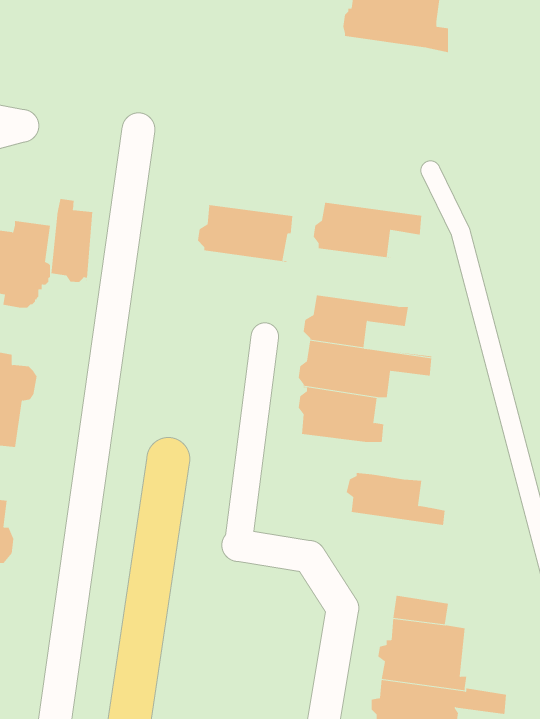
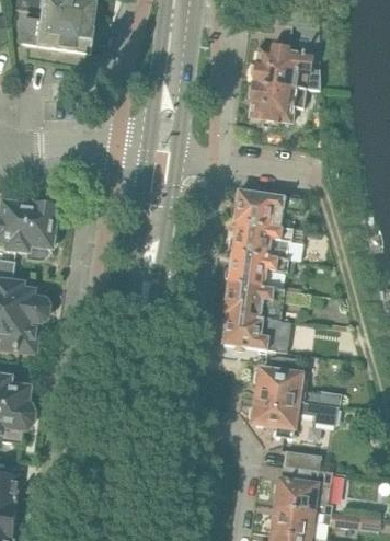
building: none -> [248,80,306,124]
building: [51,198,93,283] -> none
building: [197,204,293,262] -> [229,220,292,258]
building: none -> [249,394,337,437]

